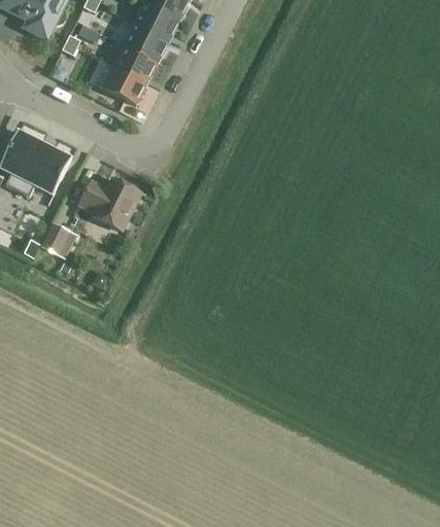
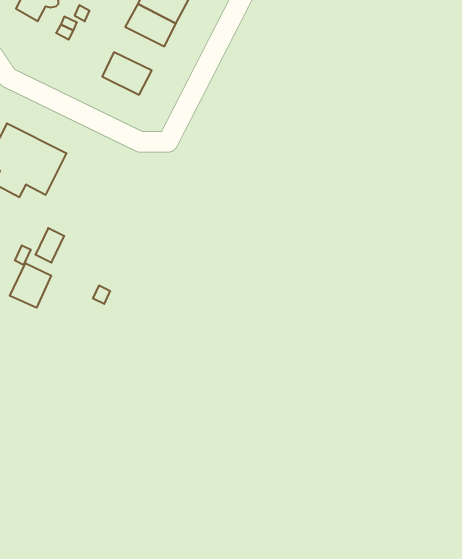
building: [112,44,158,83] -> none
building: [78,178,140,231] -> none
building: none -> [10,263,51,308]

